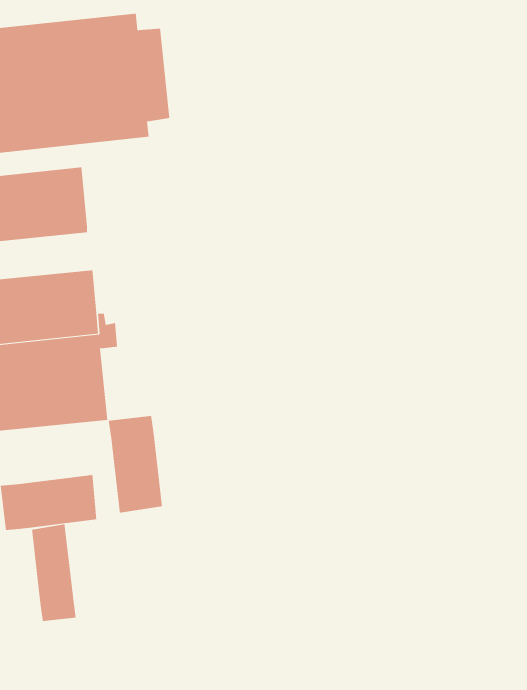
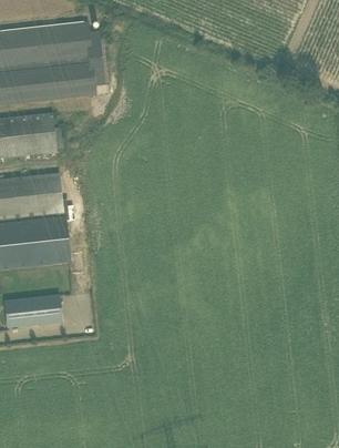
building: [108,415,162,514] -> none
building: [32,524,76,622] -> none

